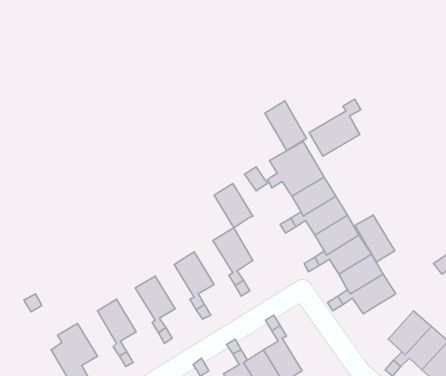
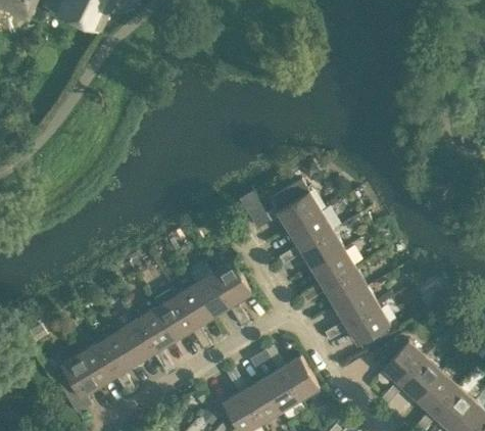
building: [309,99,361,156] -> none
building: [265,101,307,151] -> none
building: [214,184,253,228] -> [194,274,232,317]
building: [355,215,395,262] -> none
building: none -> [156,297,194,340]
building: none -> [118,320,156,363]
building: none -> [81,342,118,386]
building: none -> [280,357,319,400]

